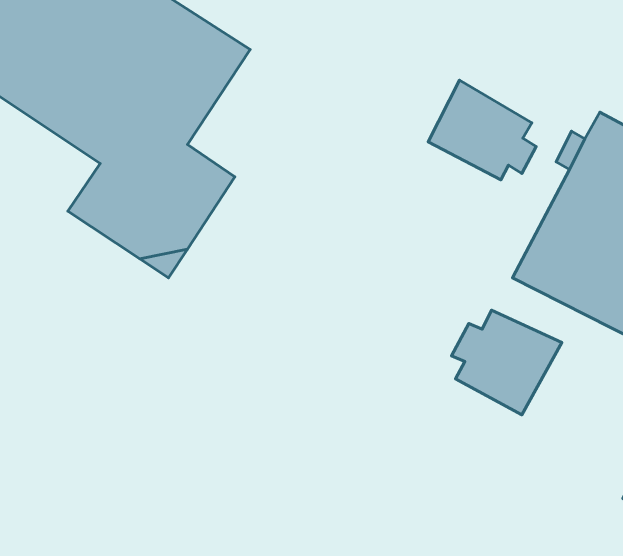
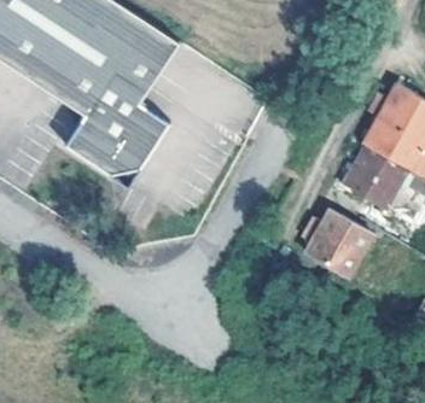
building: [428,80,536,180] -> none

